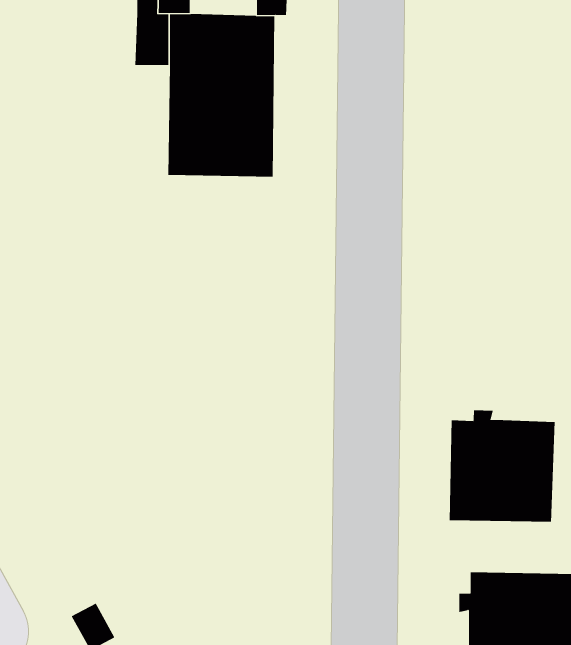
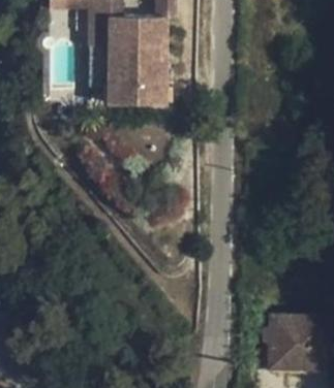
building: [449,409,555,522] -> none

